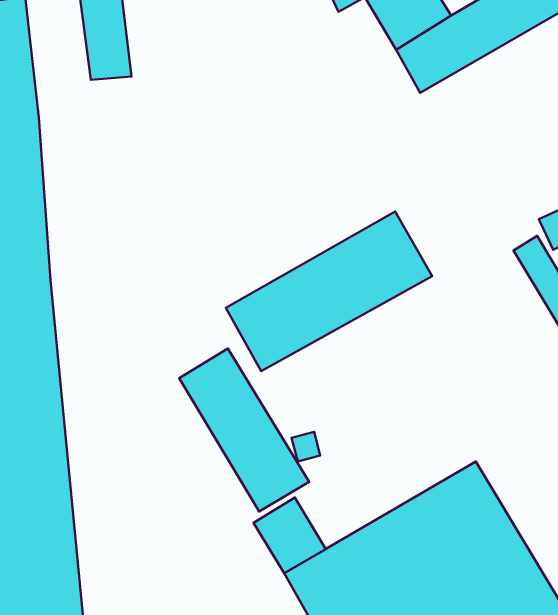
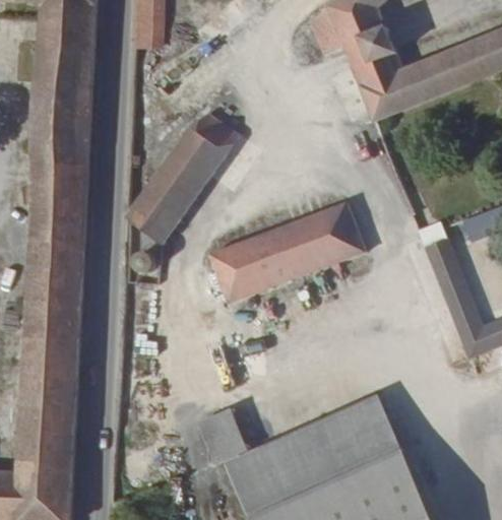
building: none -> [123,110,246,255]
building: [179,349,309,512] -> none

